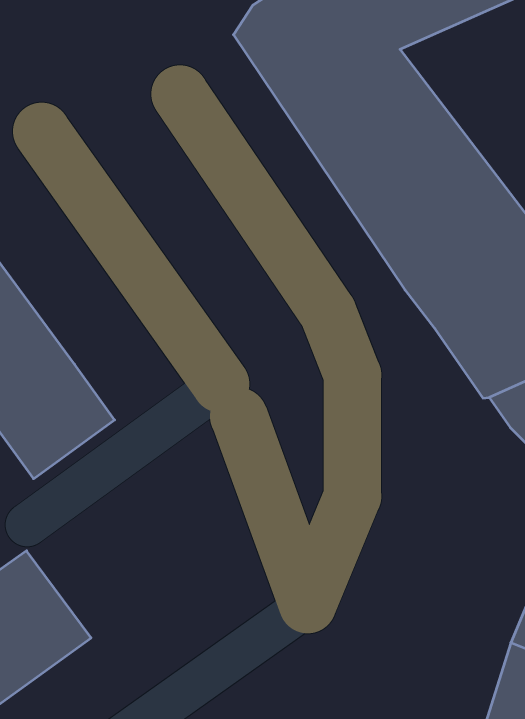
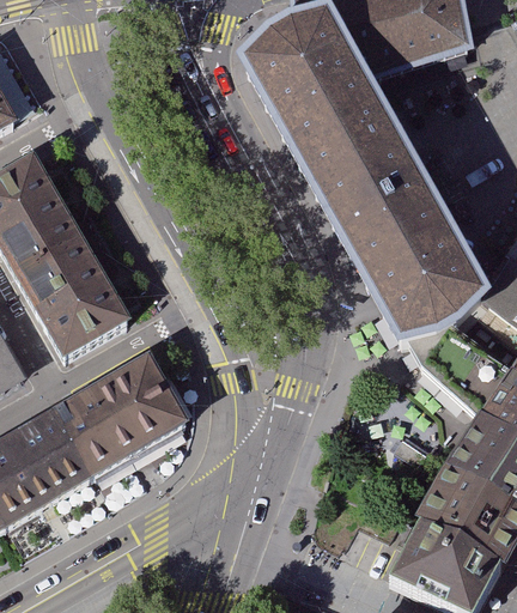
building: none -> [54,359,191,485]

